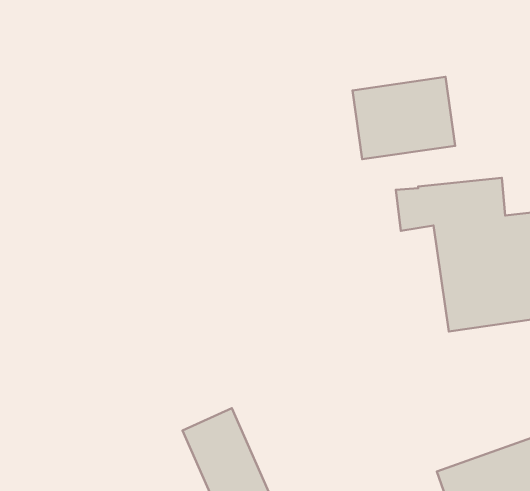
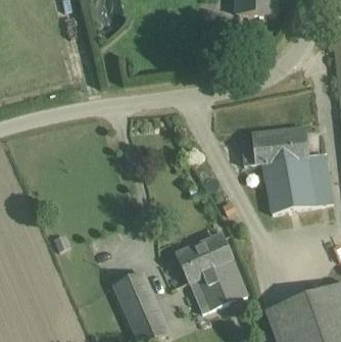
building: [352,77,455,159] -> none
building: none -> [179,236,248,310]

